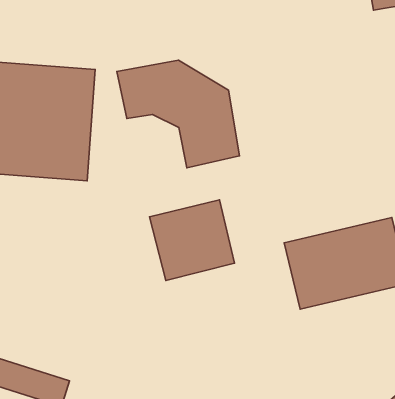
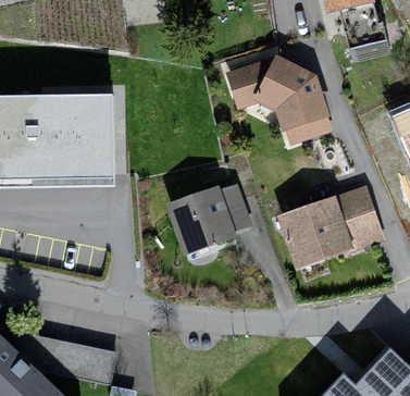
building: [117,60,239,168] -> [223,61,331,149]

